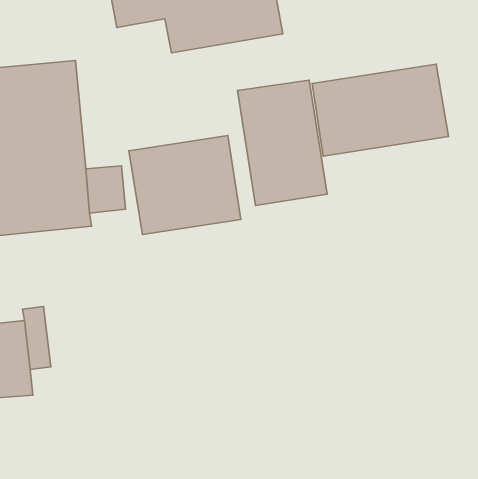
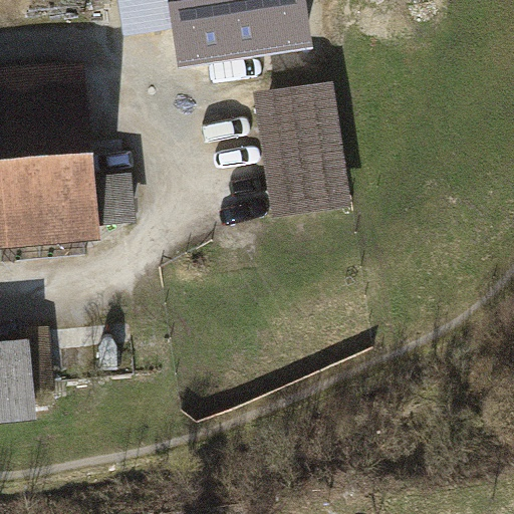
building: [312,64,448,156] -> none
building: [129,135,241,235] -> none

